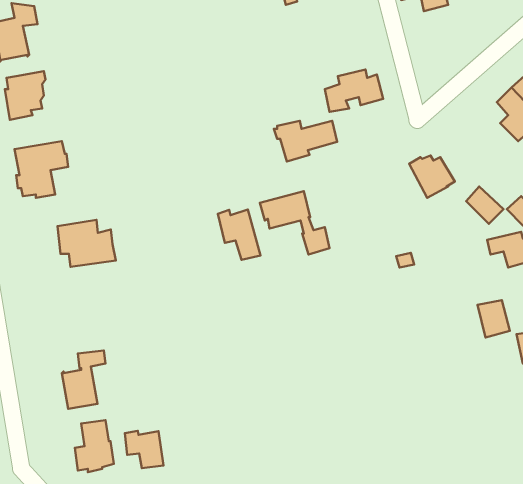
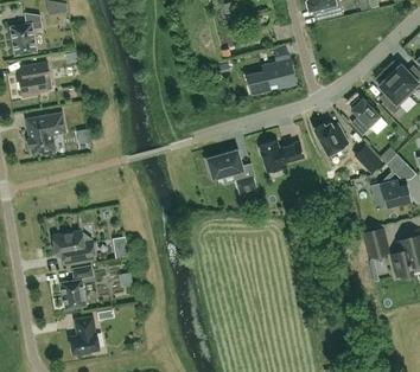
building: none -> [351,97,381,134]
building: [274,121,337,161] -> [257,141,304,171]
building: [218,210,261,260] -> none
building: [57,220,116,267] -> [53,230,96,264]
building: [125,431,163,468] -> none

